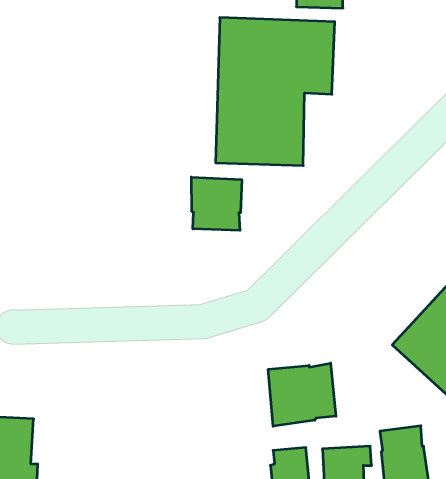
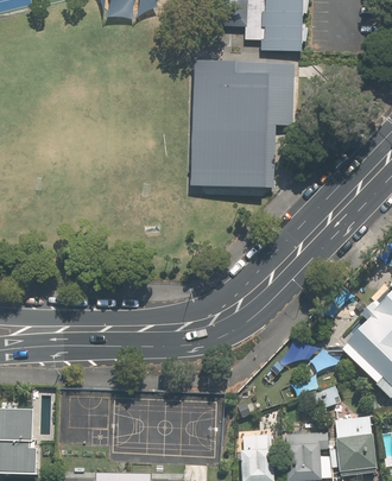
building: [191,177,242,230] -> none
building: [268,363,336,426] -> none

